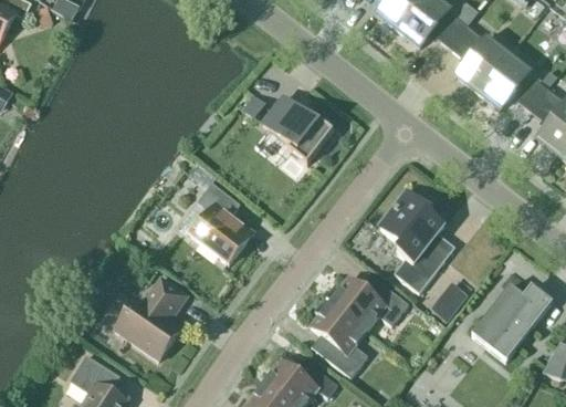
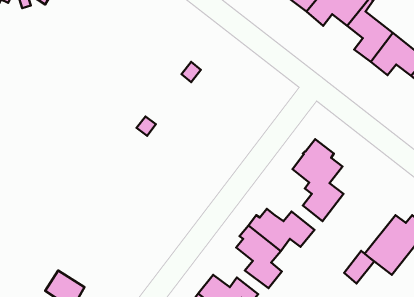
building: [262,96,333,163] -> none
building: [190,180,253,263] -> none
building: [114,276,187,358] -> none
building: [430,280,468,321] -> [344,251,374,283]

